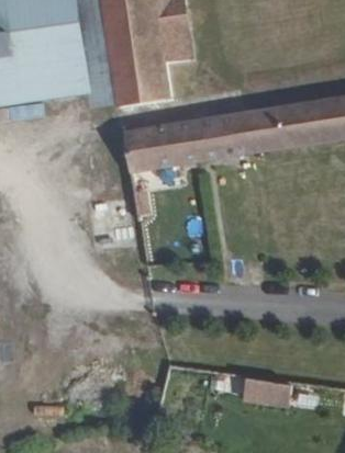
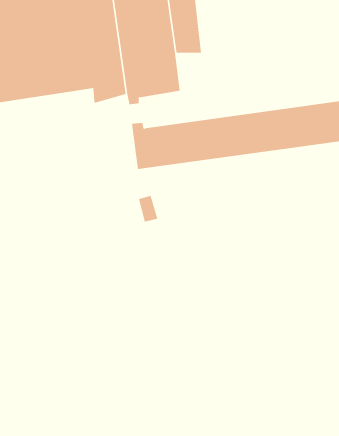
building: [244,374,292,403] -> none

